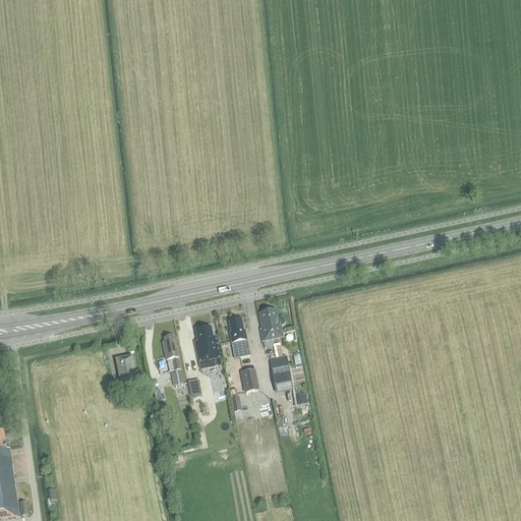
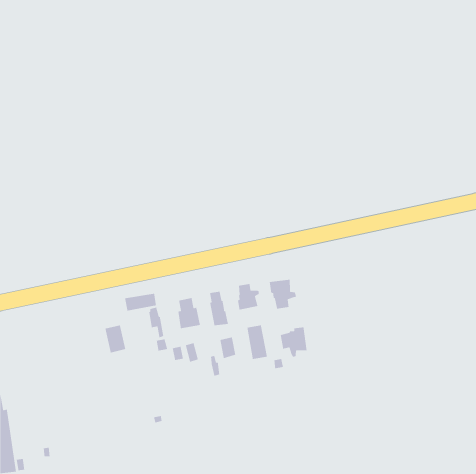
building: none -> [269,279,297,309]
building: none -> [124,293,157,312]
building: none -> [280,326,308,358]

